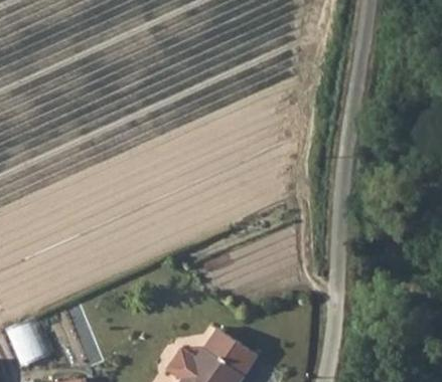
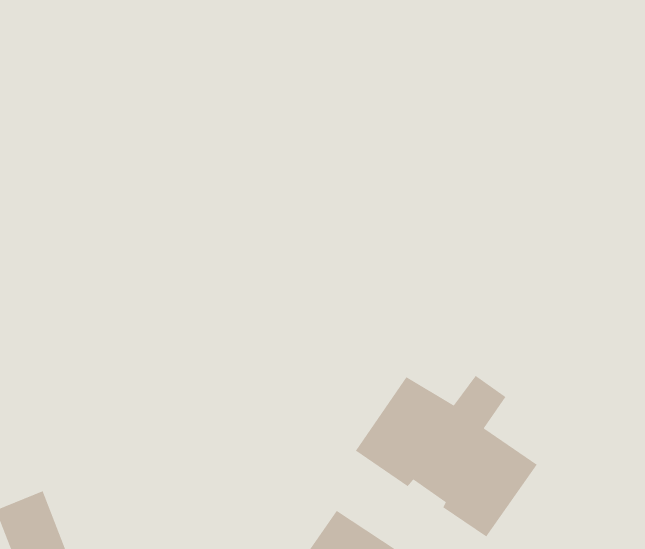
building: none -> [355,375,538,537]

